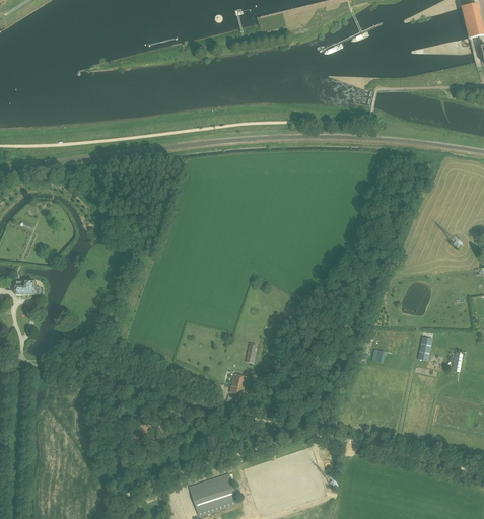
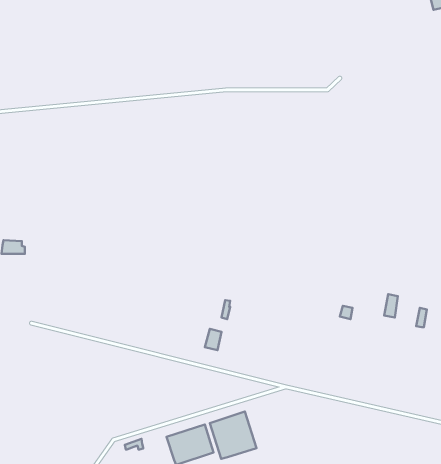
building: none -> [210,411,257,459]

